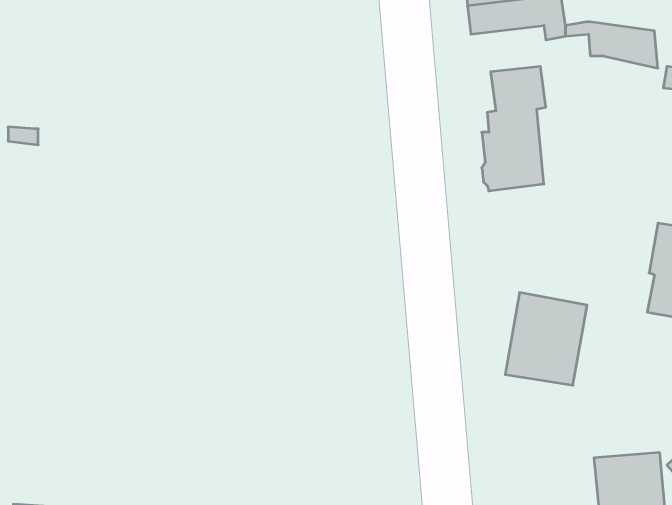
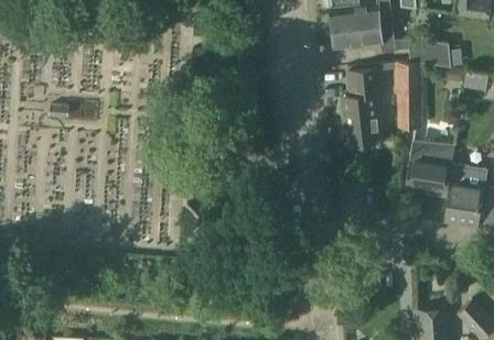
building: none -> [397,62,420,128]
building: [505,293,587,385] -> [405,139,455,196]

